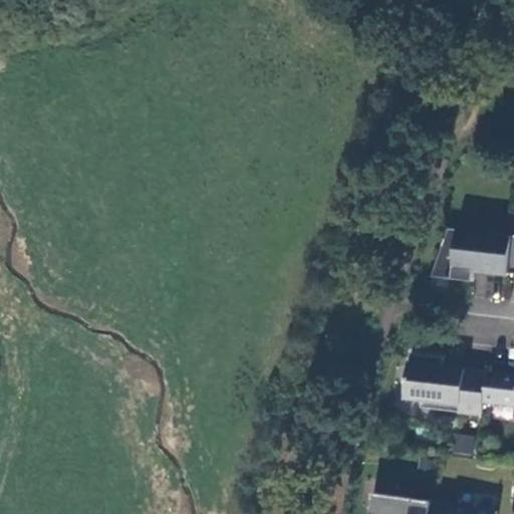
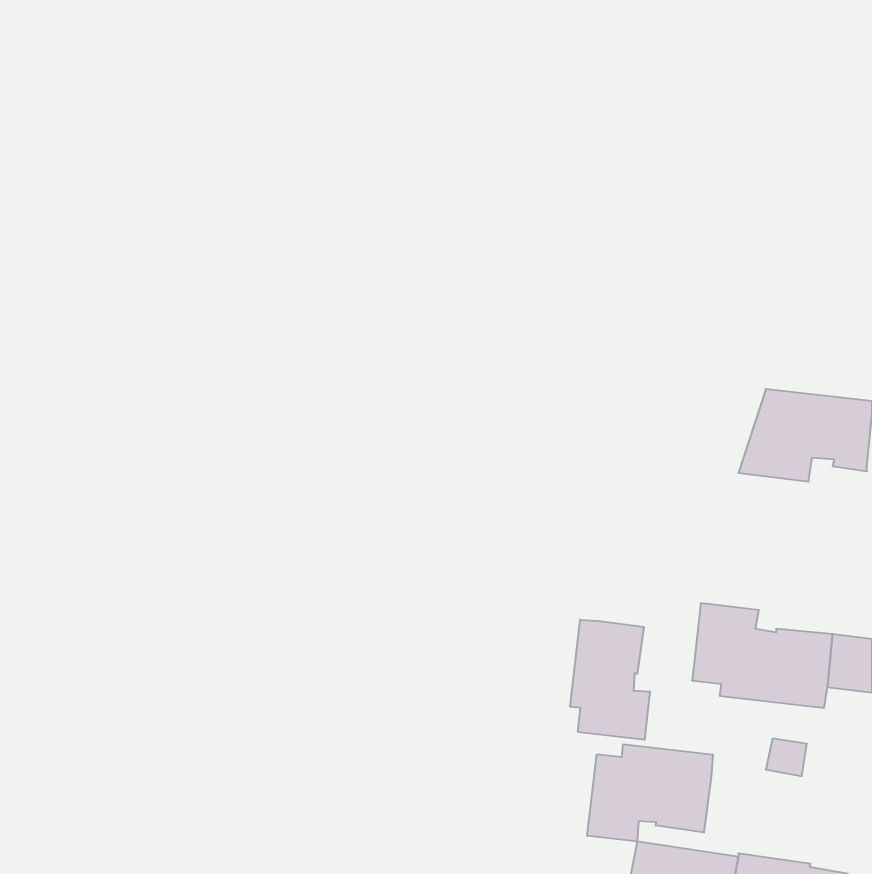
building: none -> [570,620,650,740]
building: none -> [587,744,713,841]

